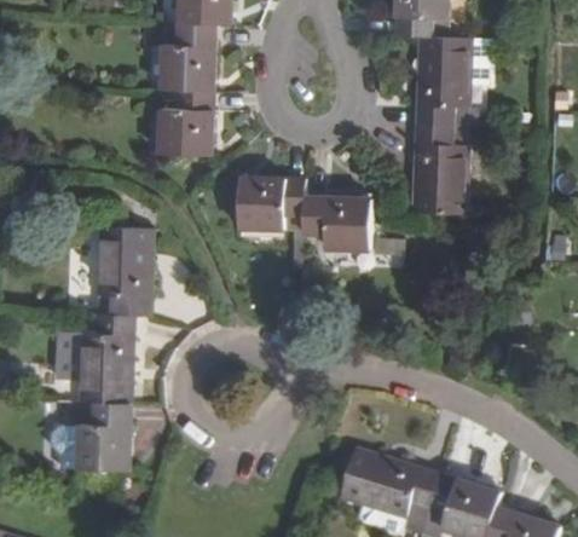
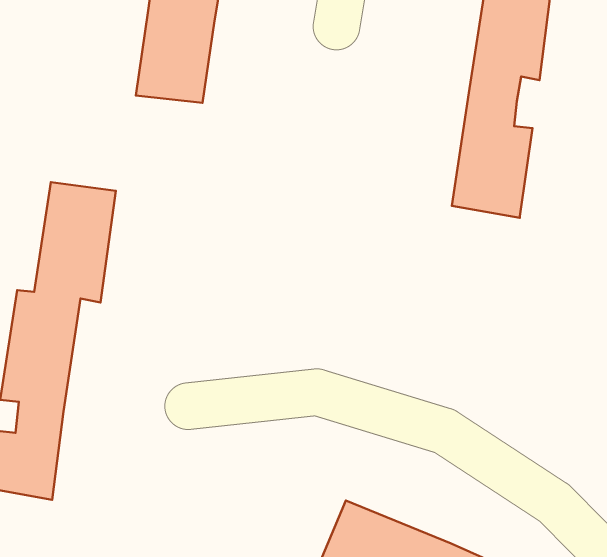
building: [238,177,398,268] -> none

